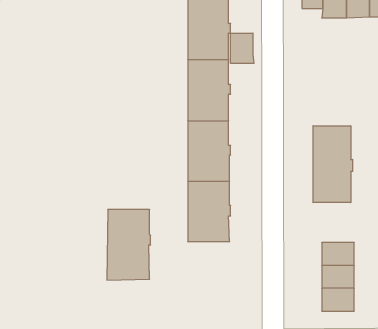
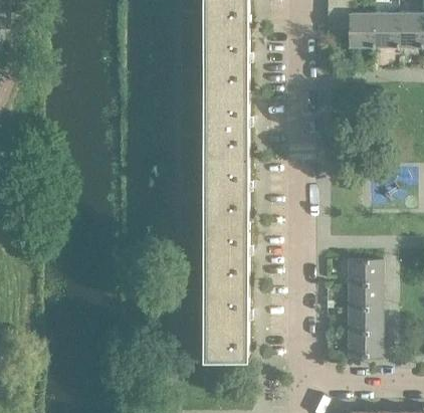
building: [231,33,254,63] -> none
building: [313,126,353,203] -> none
building: [107,210,151,280] -> [203,283,249,358]
building: none -> [346,259,380,284]

